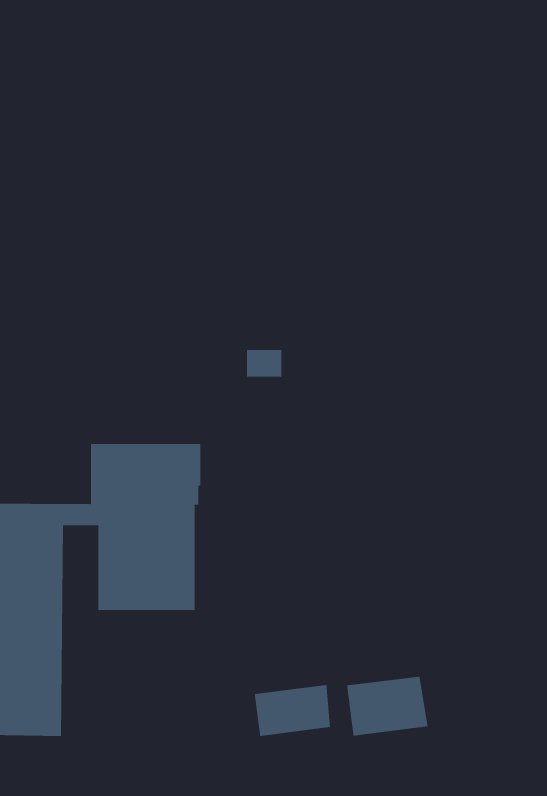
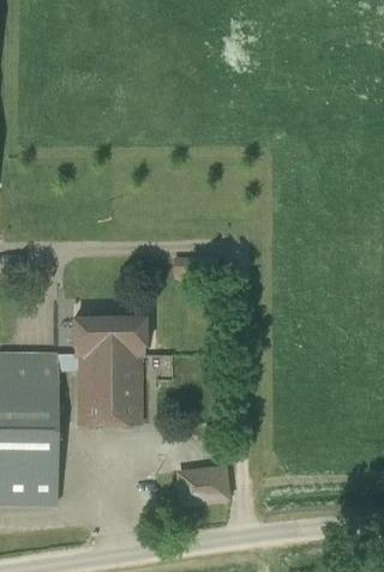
building: [346,676,429,737] -> none

